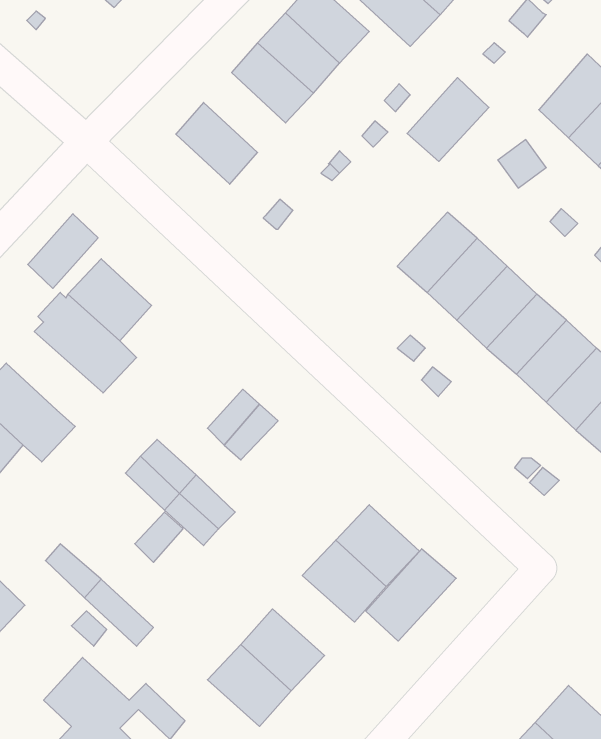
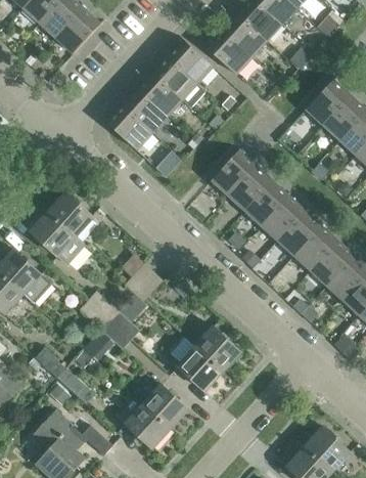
building: none -> [123,89,168,133]
building: [407,78,489,161] -> [212,149,257,195]
building: [28,214,98,288] -> none
building: [366,549,456,641] -> none

